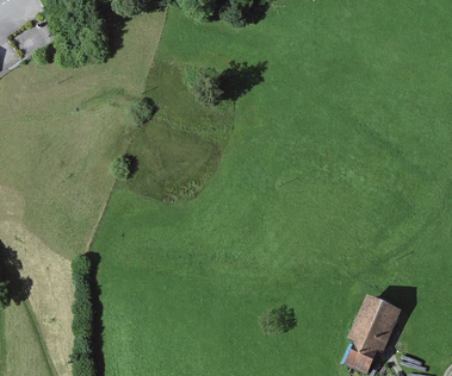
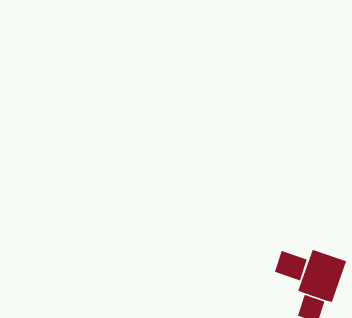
building: none -> [274,250,308,281]

